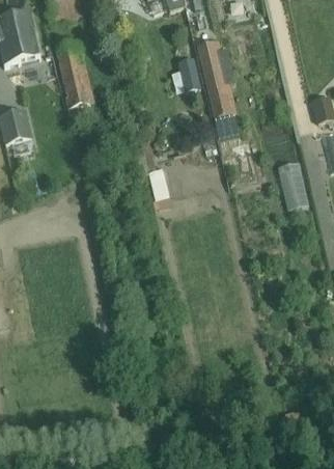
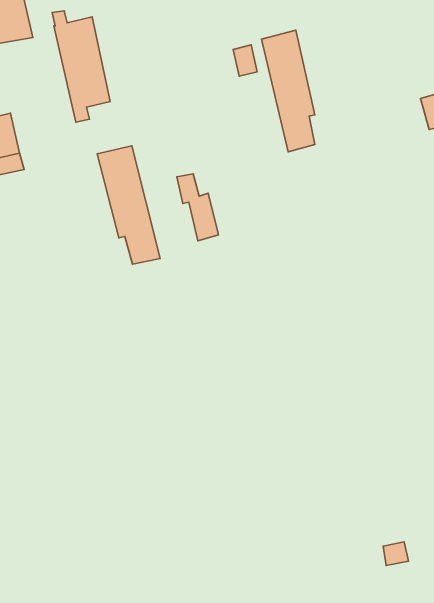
building: none -> [97,146,160,264]
building: [277,158,308,205] -> none

